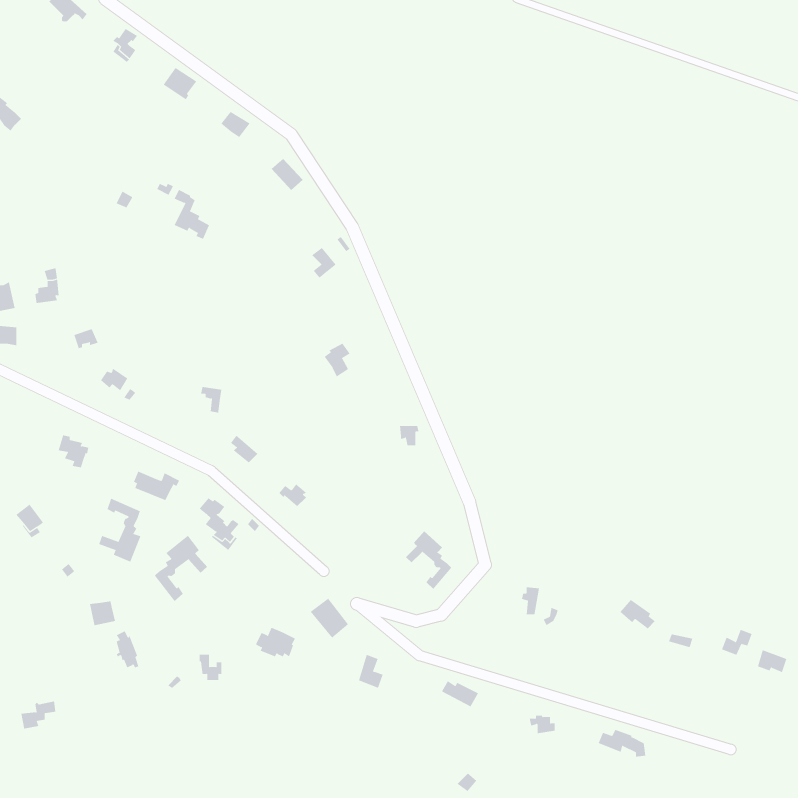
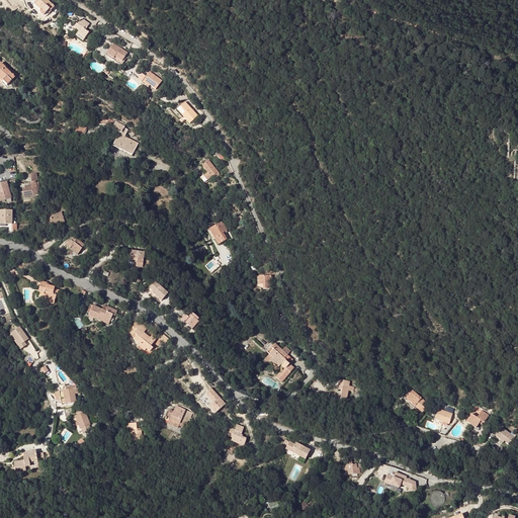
building: [98,498,141,562] -> none
building: [154,535,208,602] -> none

